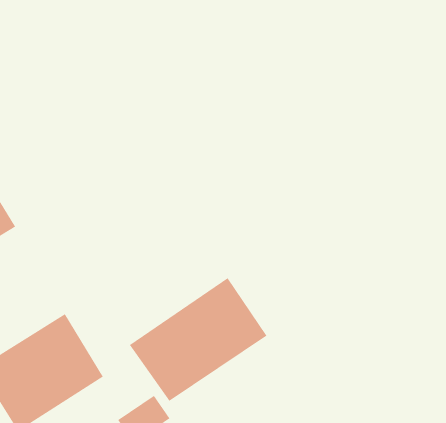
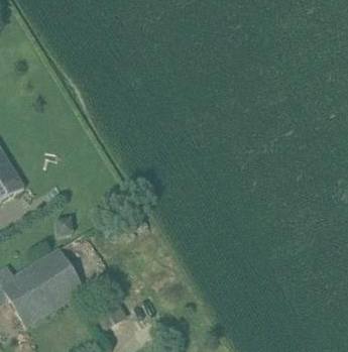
building: [129,277,268,402] -> none

